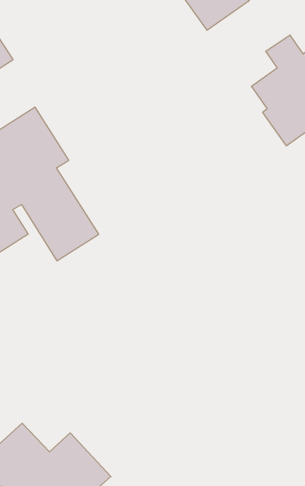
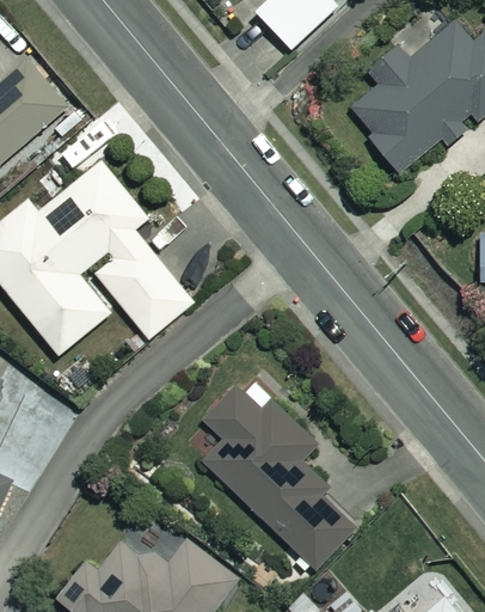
building: none -> [202,387,356,569]

